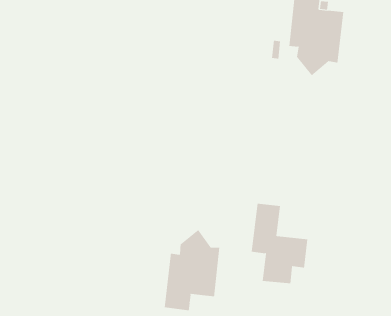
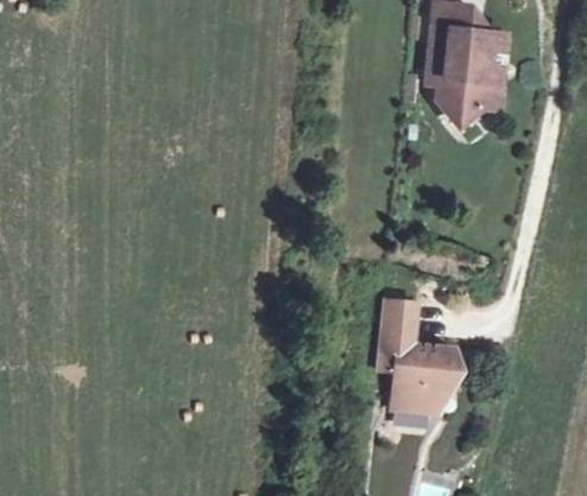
building: [164,229,220,311] -> none

